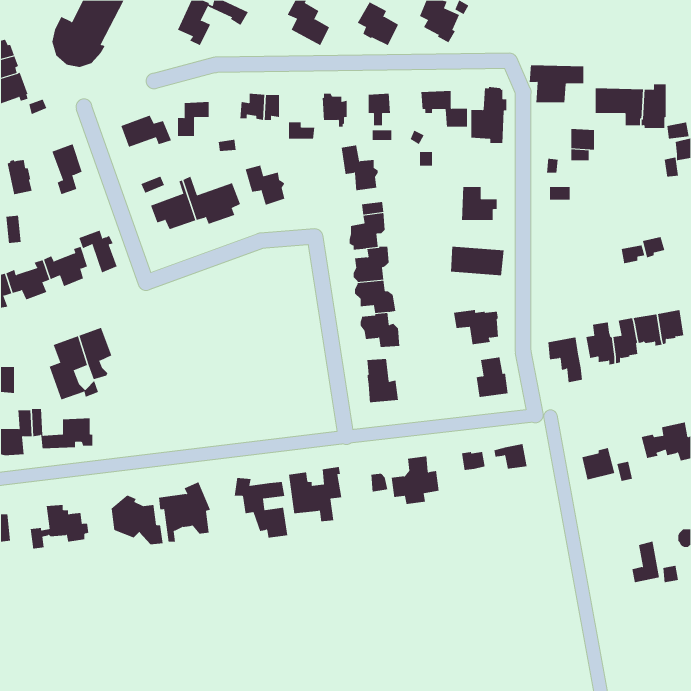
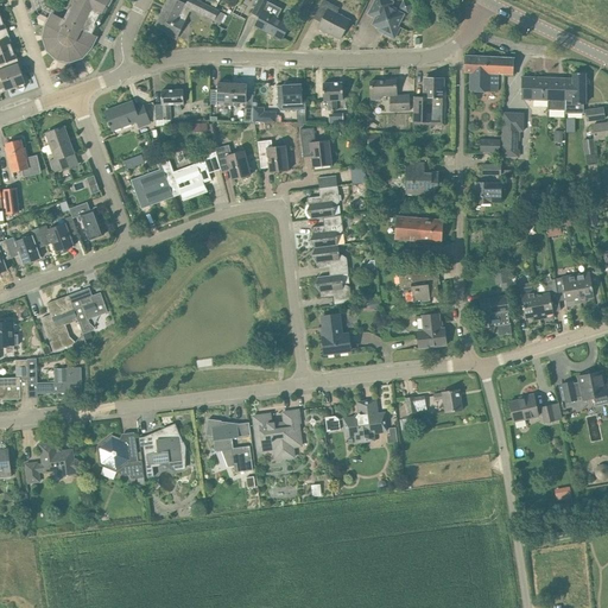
building: none -> [258,140,290,173]
building: none -> [476,183,501,205]

